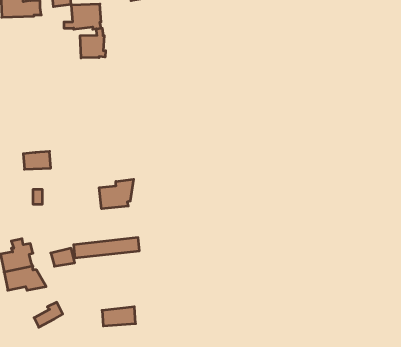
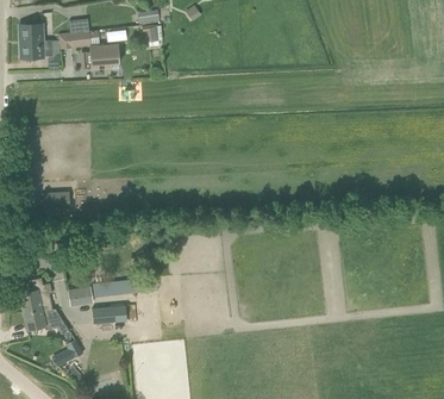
building: [80,28,106,58] -> none
building: [99,179,134,209] -> none
building: [102,307,136,326] -> [92,304,125,323]

